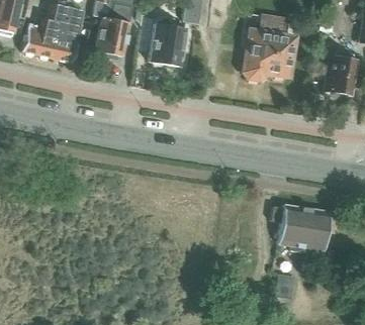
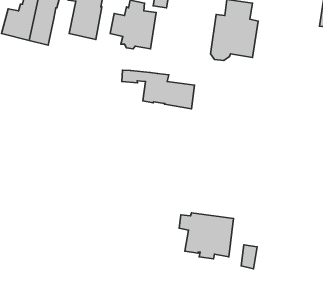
building: [325,57,356,95] -> none
building: none -> [122,70,195,109]
building: [270,204,328,252] -> [179,213,233,259]

